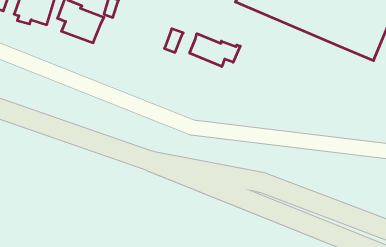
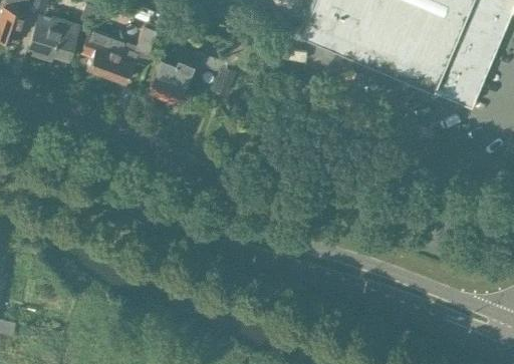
building: none -> [149,56,194,103]
building: [190,34,240,67] -> none

